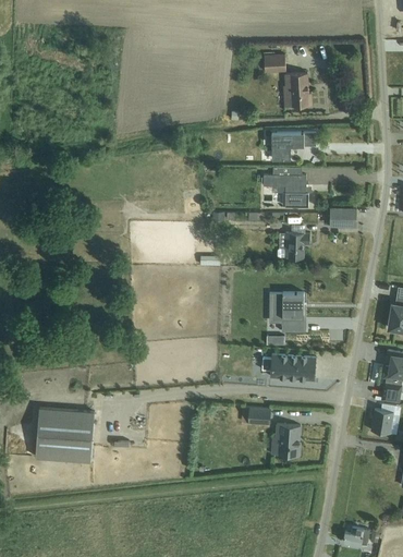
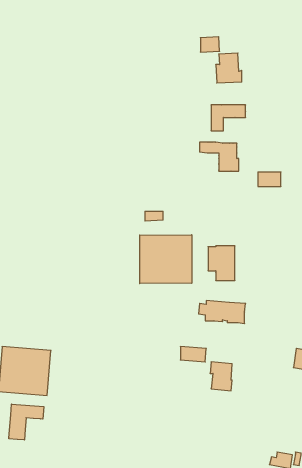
building: [277,233,310,258] -> none
building: none -> [140,235,192,284]
building: none -> [9,404,44,440]

